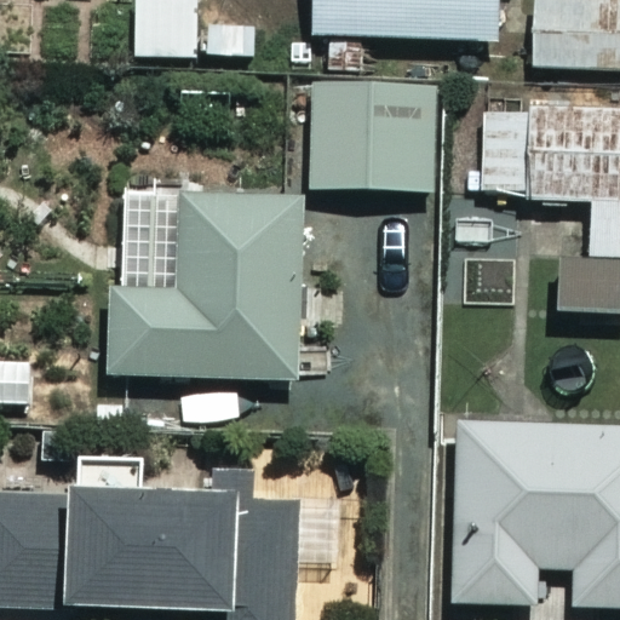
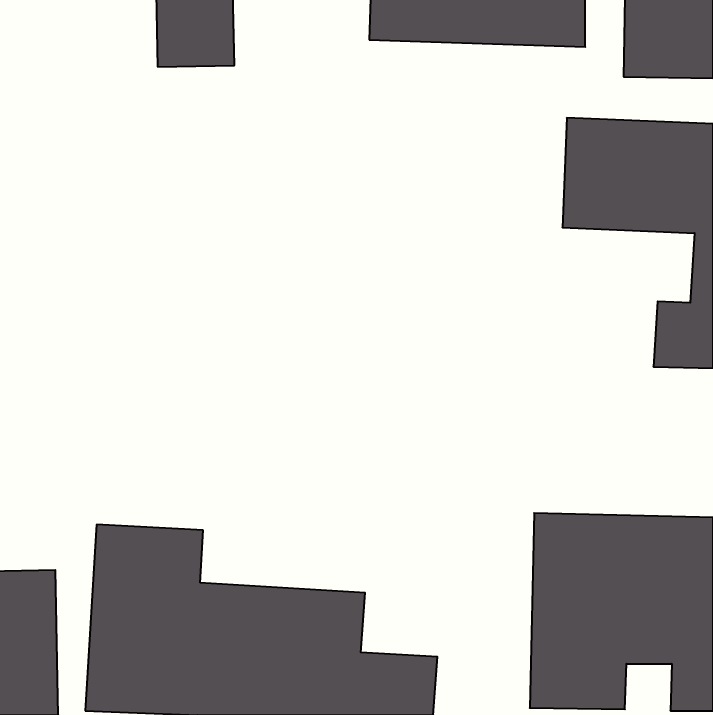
building: [311,81,441,189] -> none
building: [110,195,304,411] -> none

